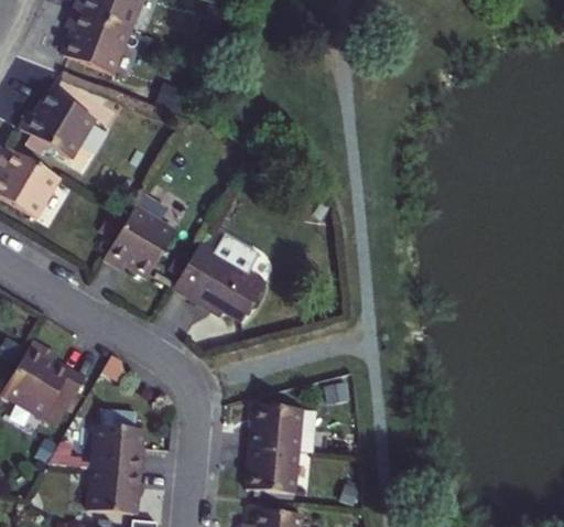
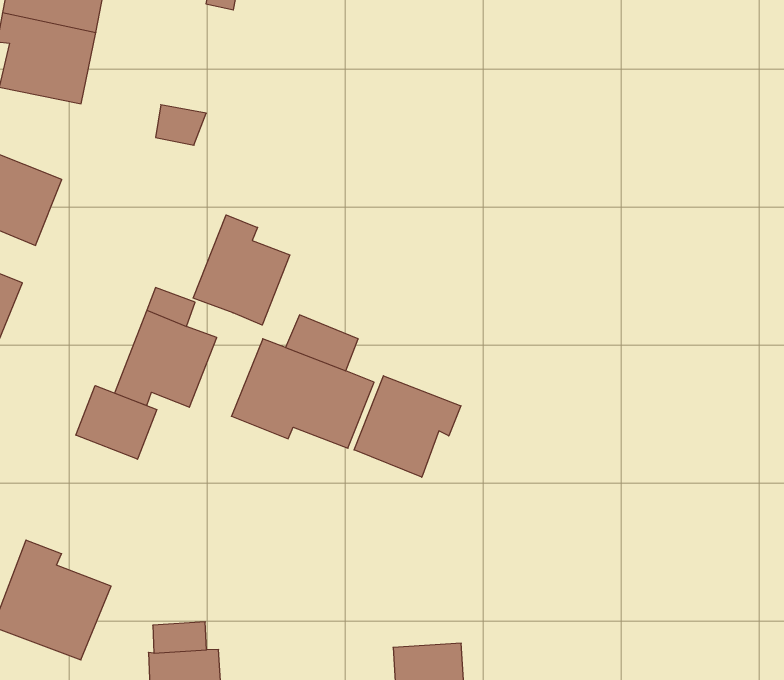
building: none -> [193,215,290,325]
building: none -> [76,386,157,459]
building: none -> [354,376,461,477]
building: [252,404,300,451] -> none

